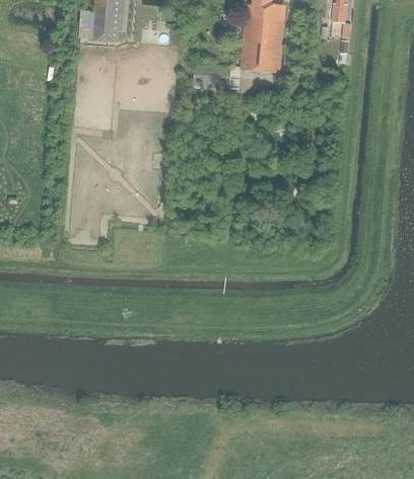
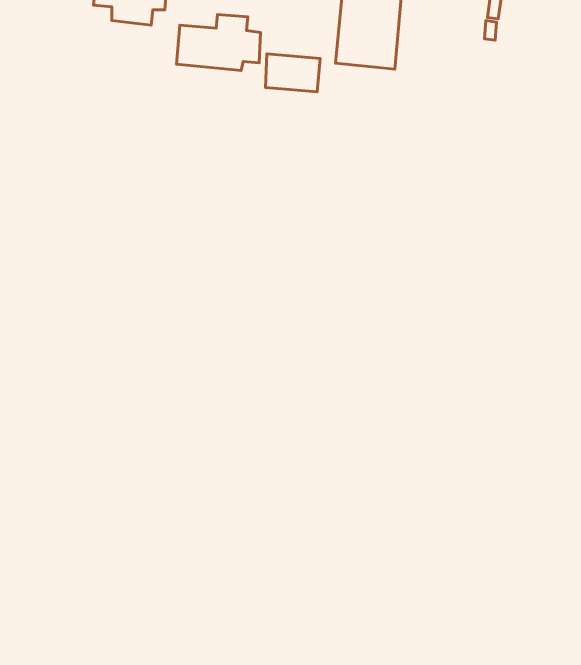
building: none -> [176,14,261,71]

